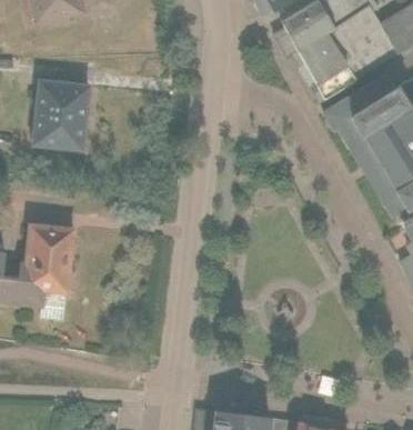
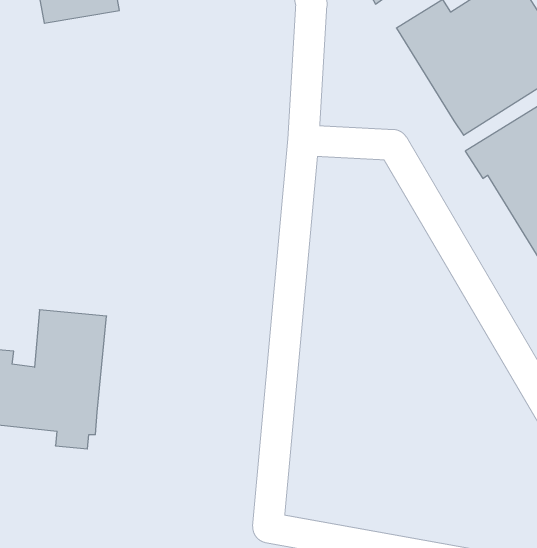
building: [31,79,92,152] -> none

